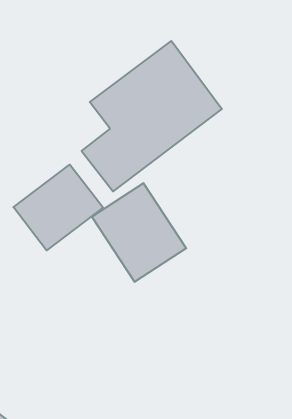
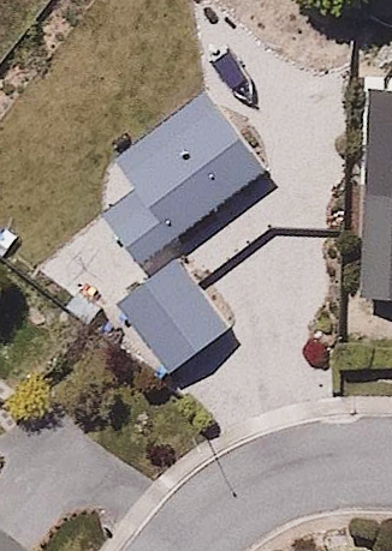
building: [13,165,103,250] -> none

